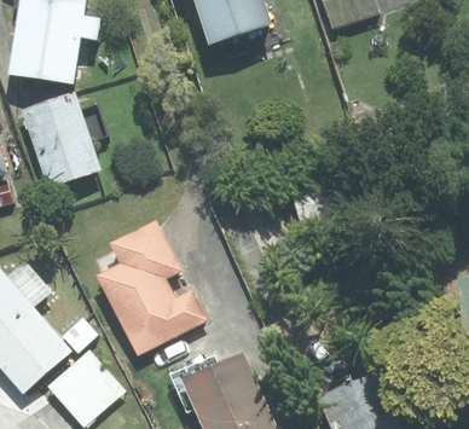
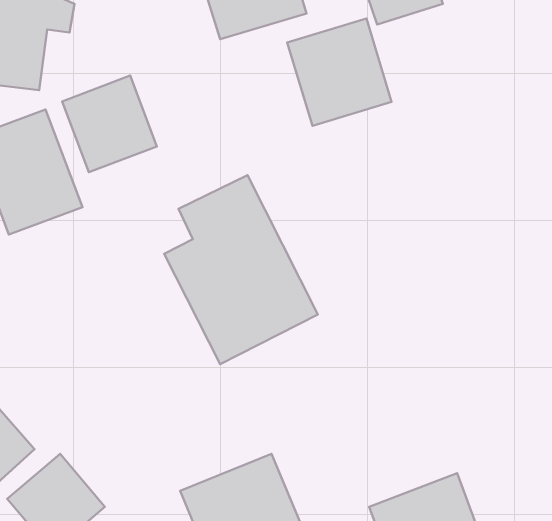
building: none -> [287,19,392,126]
building: none -> [62,76,157,172]
building: [95,218,212,360] -> [164,175,318,364]

